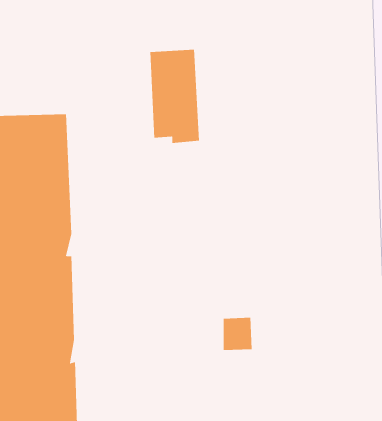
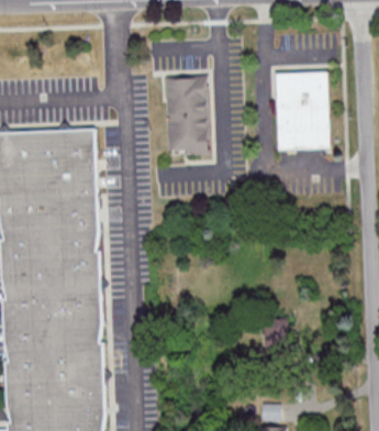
building: none -> [276,73,331,151]
building: [223,317,252,351] -> [261,317,287,345]

